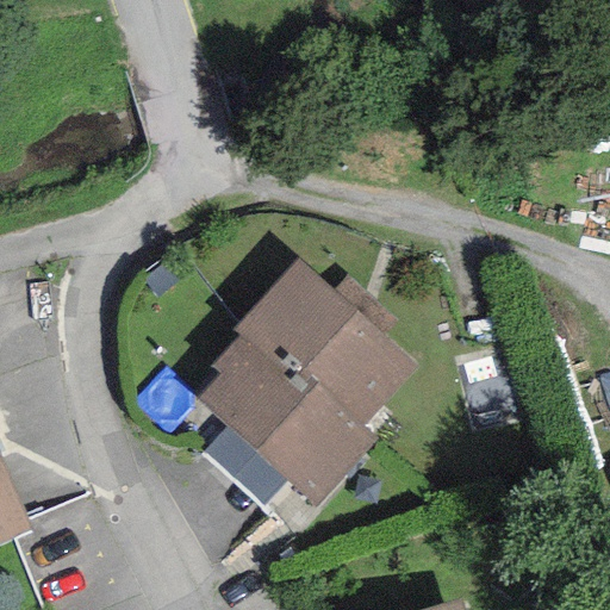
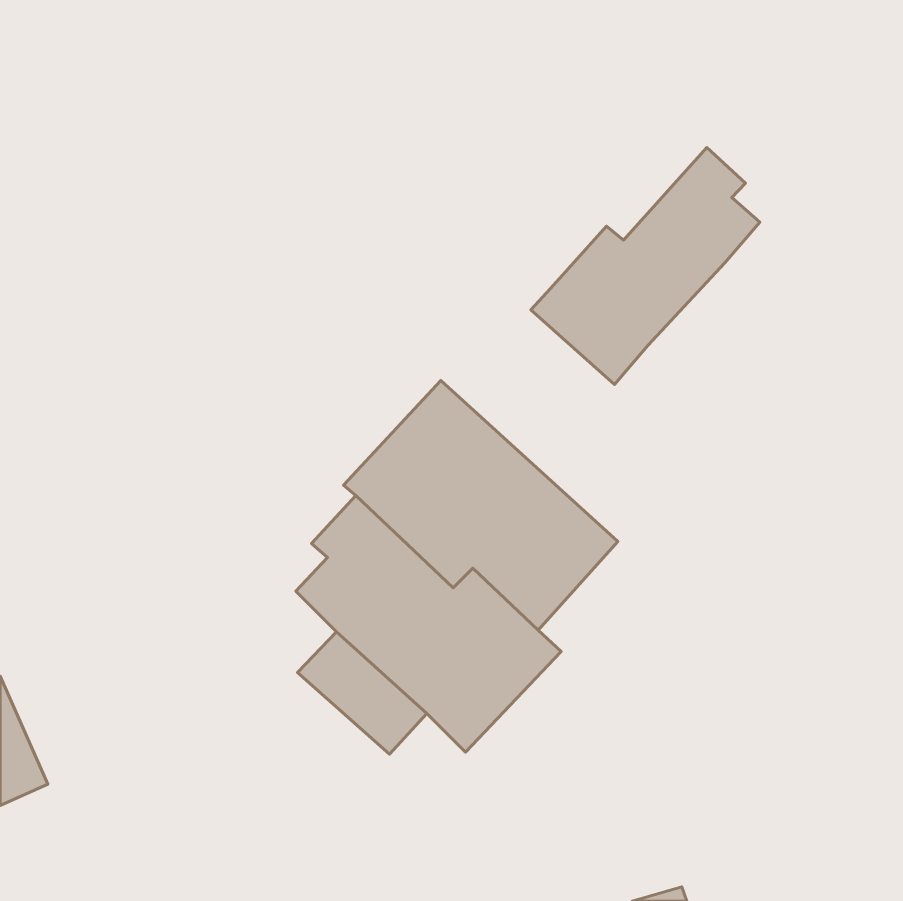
building: none -> [531,148,760,384]

